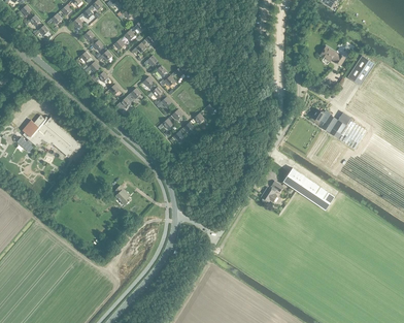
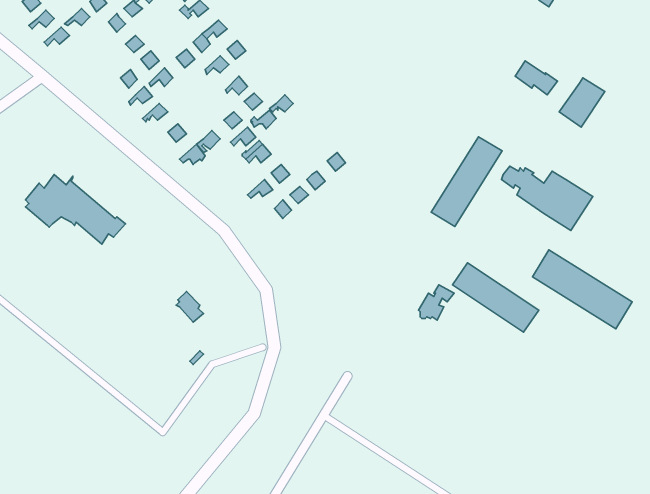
building: none -> [431,137,502,226]
building: none -> [533,250,632,329]

